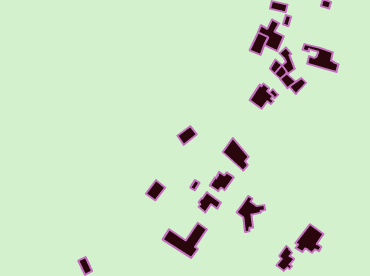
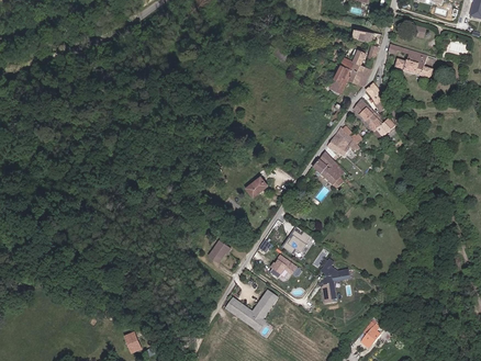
building: [302,44,339,72] -> [388,44,430,77]
building: [223,138,249,171] -> [314,151,345,190]
building: [295,224,323,253] -> none

